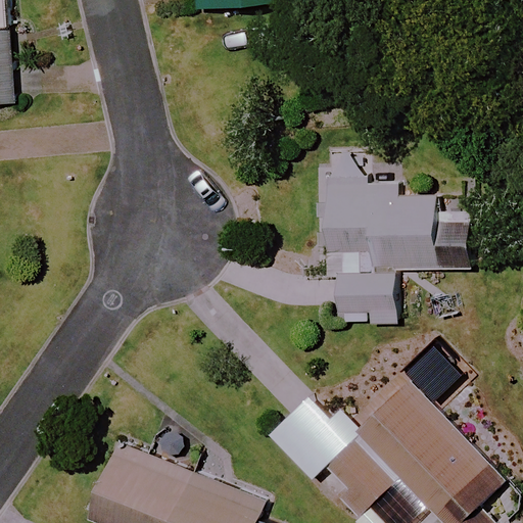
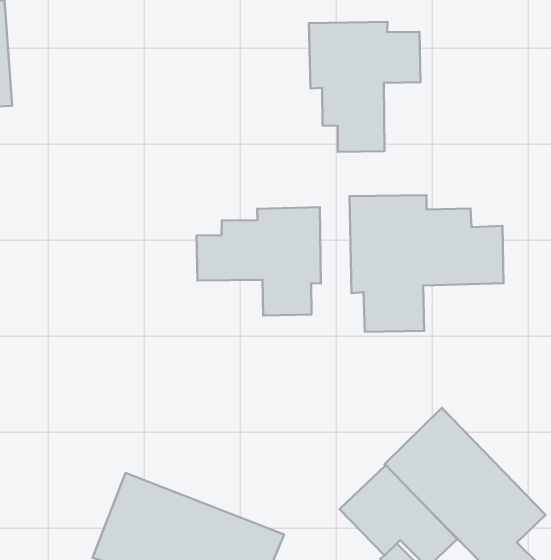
building: none -> [309,22,420,152]
building: none -> [197,207,321,315]

